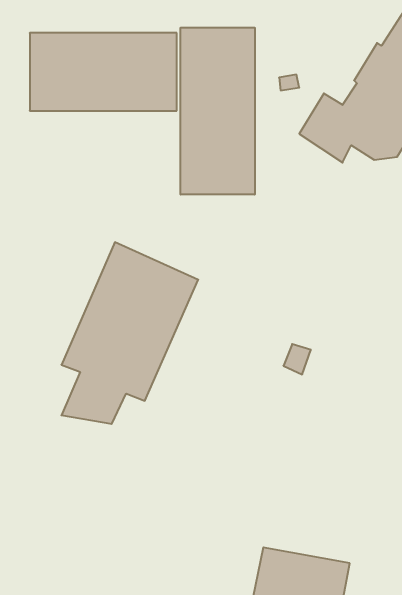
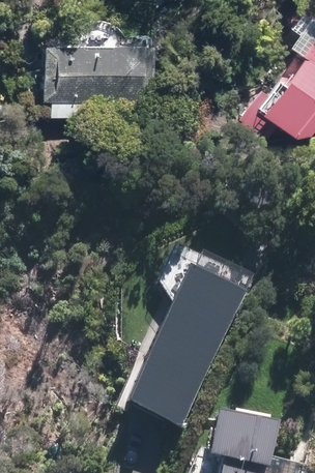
building: [181,28,255,195] -> none
building: [61,242,198,424] -> [144,270,242,401]

